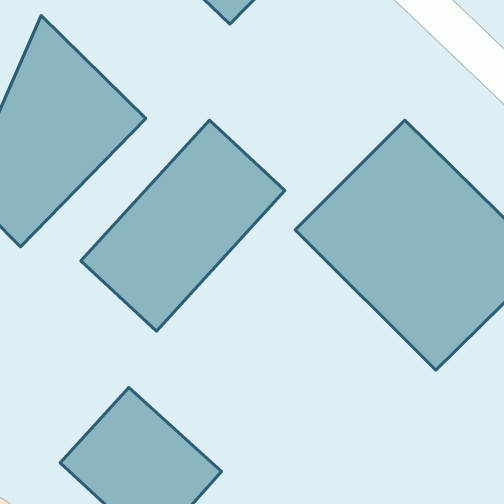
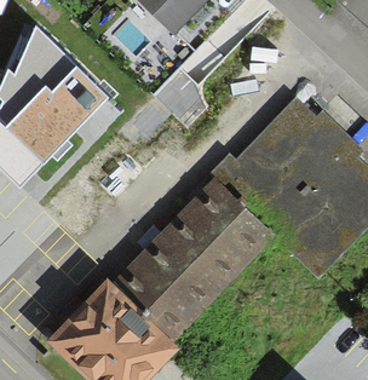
building: [81,120,285,331] -> [114,188,258,336]

